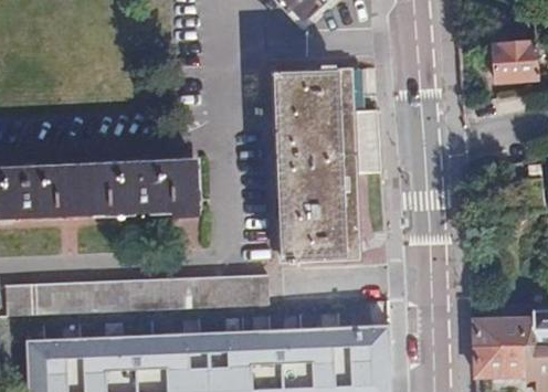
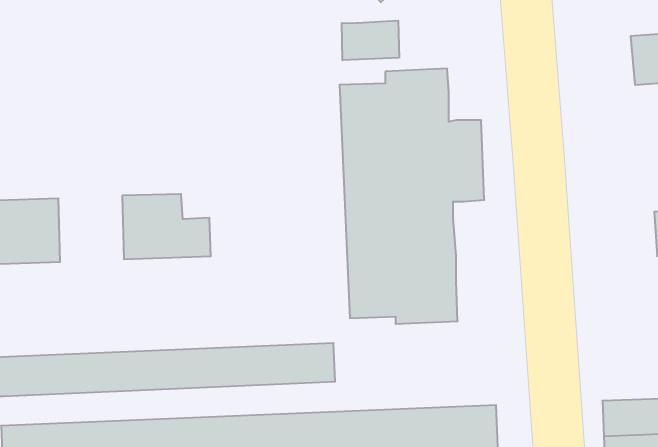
building: none -> [342,21,399,60]
building: [154,160,200,214] -> none
building: [62,163,110,213] -> none

